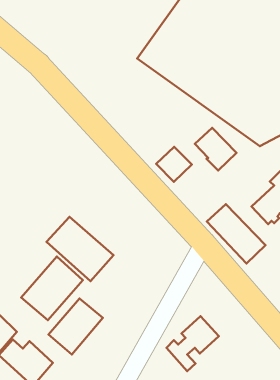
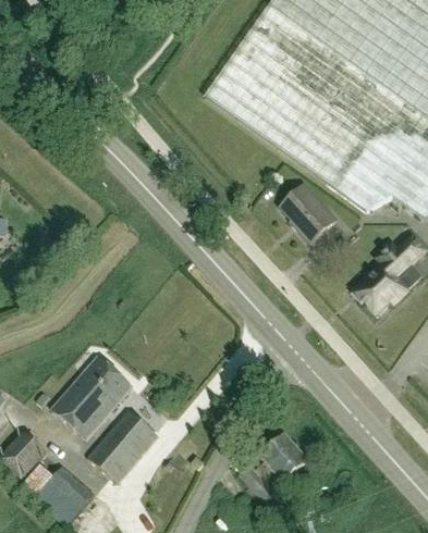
building: [156,147,192,182] -> none
building: [207,204,265,263] -> none
building: [46,217,113,281] -> none

